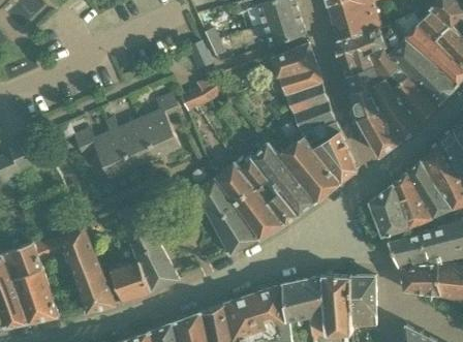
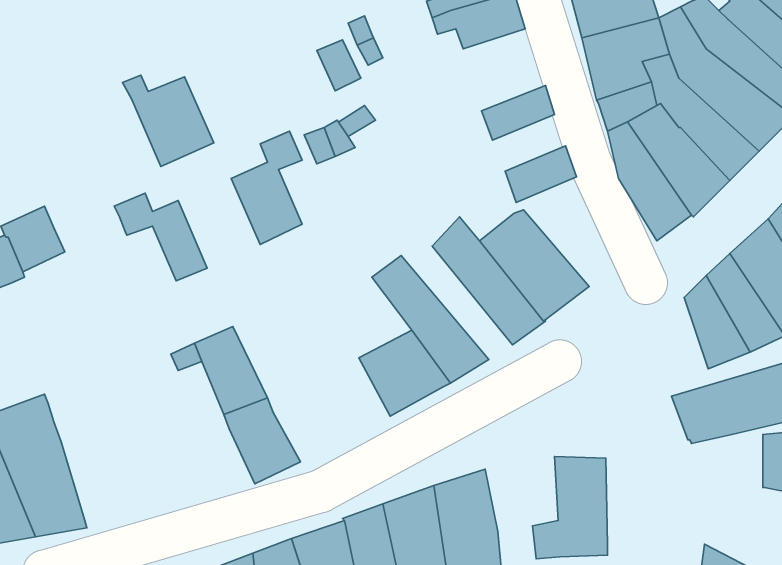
building: [261,42,316,82] -> none
building: [286,84,328,116] -> none
building: [103,119,155,170] -> [122,75,214,166]
building: [304,122,356,181] -> none
building: [235,158,298,222] -> none
building: [193,176,241,221] -> none
building: [371,187,408,235] -> none
building: [35,227,116,311] -> none
building: [111,261,152,301] -> none
building: [399,265,439,294] -> none
building: [282,277,323,319] -> none
building: [350,277,374,327] -> none

